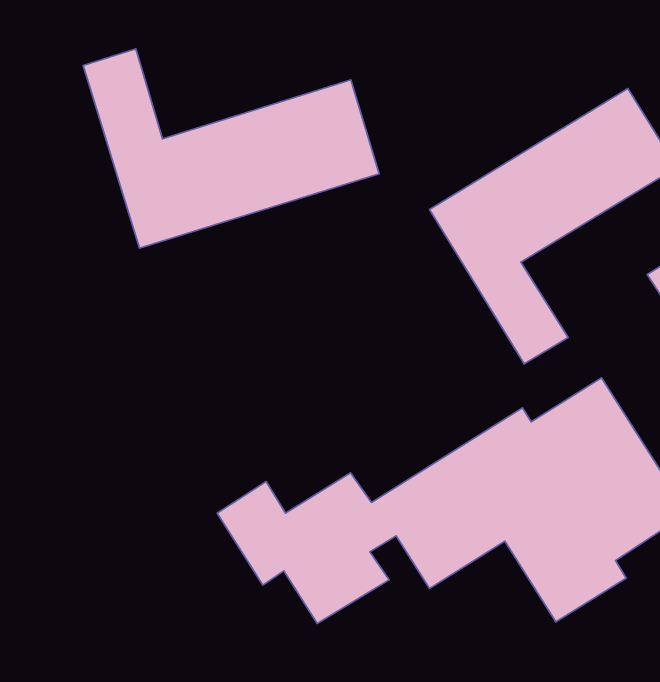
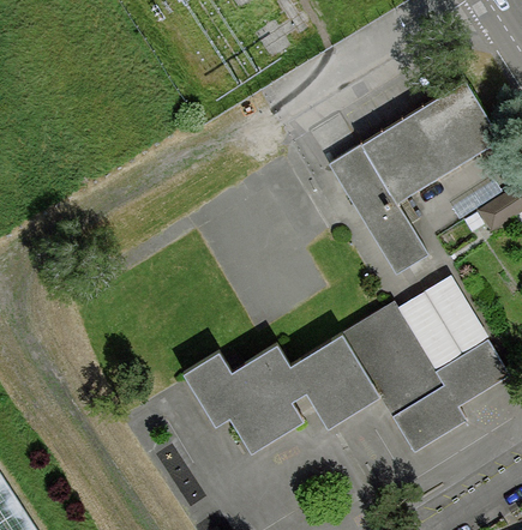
building: [83,49,379,248] -> none

